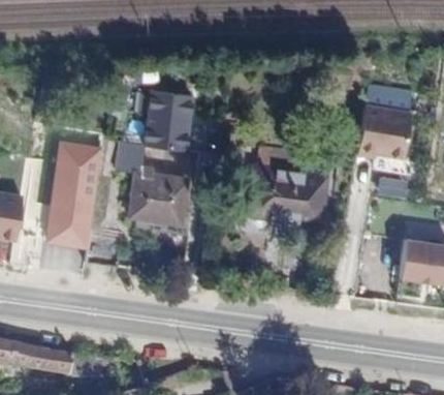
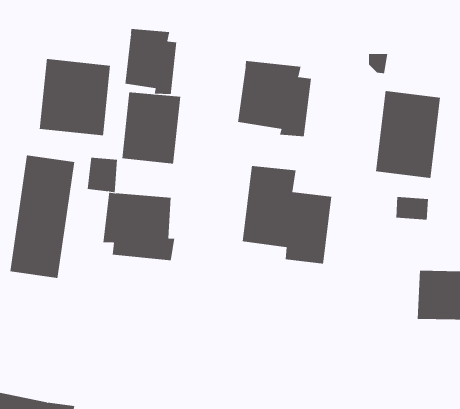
building: none -> [125,28,177,95]
building: none -> [39,58,111,136]
building: none -> [237,60,312,137]

